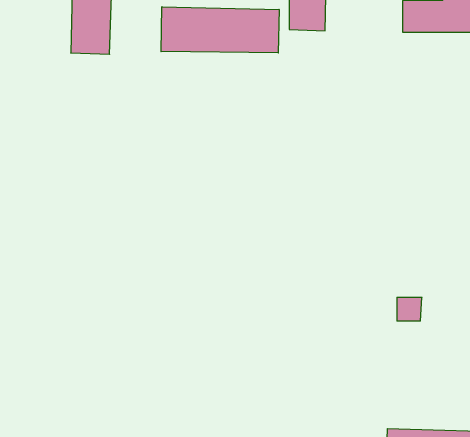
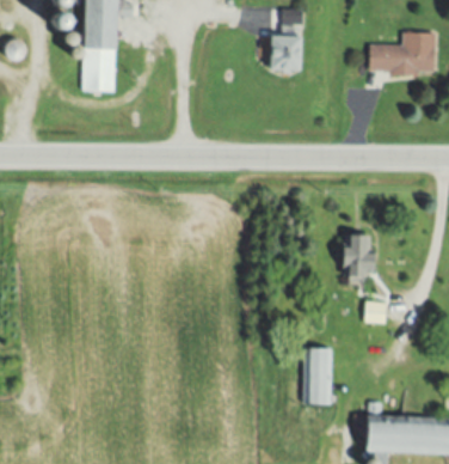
building: [161,7,279,53] -> none
building: none -> [345,234,375,276]
building: none -> [305,348,331,404]

